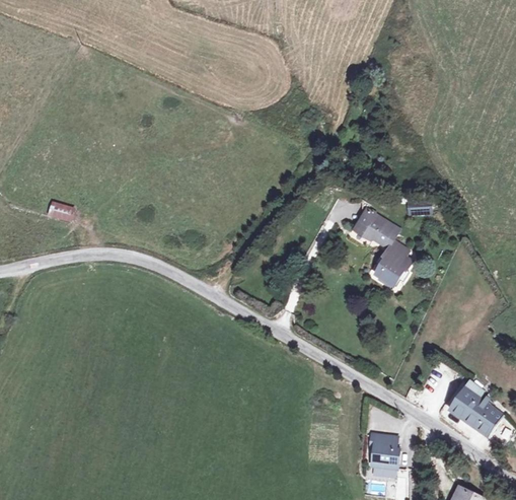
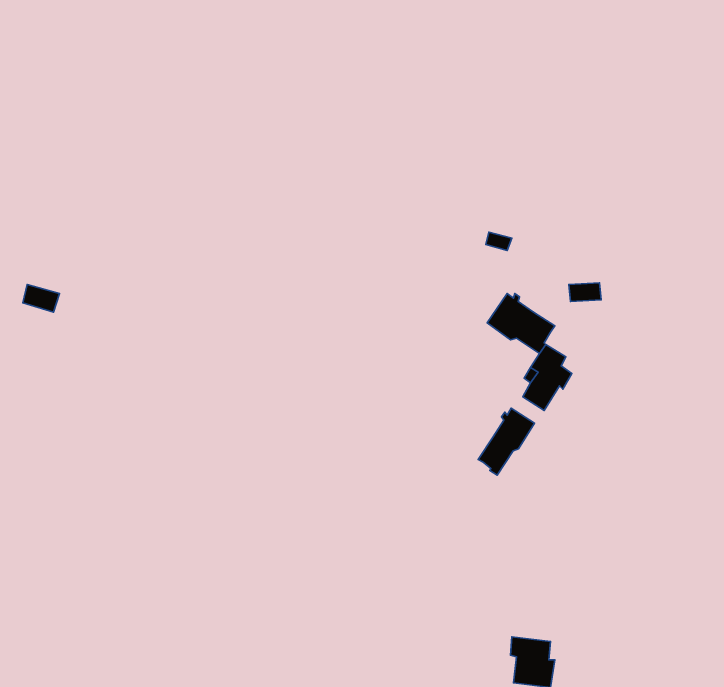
building: none -> [478,408,534,475]
building: [448,380,503,437] -> none

